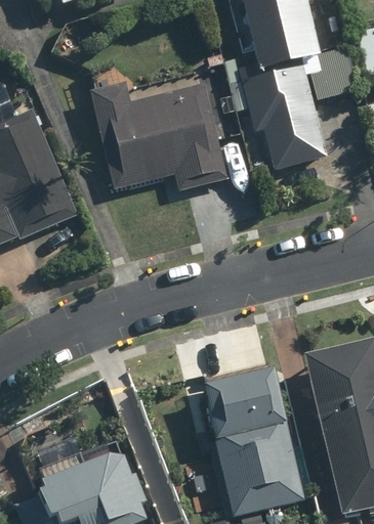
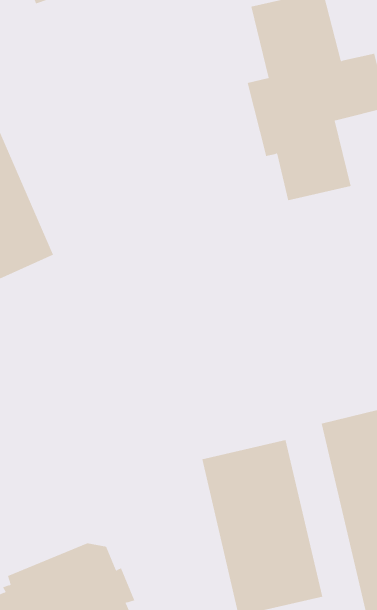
building: [89,83,242,189] -> none

